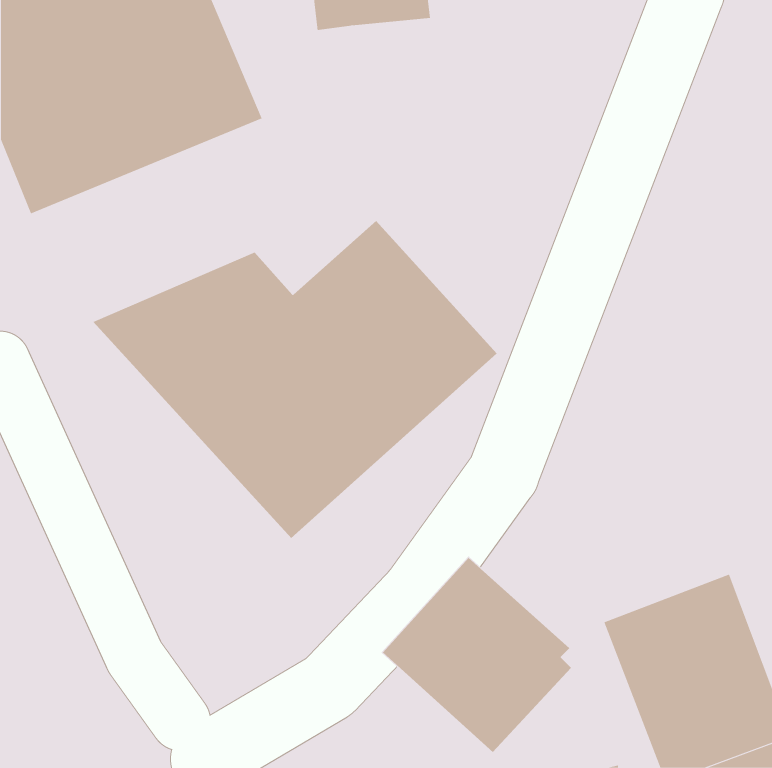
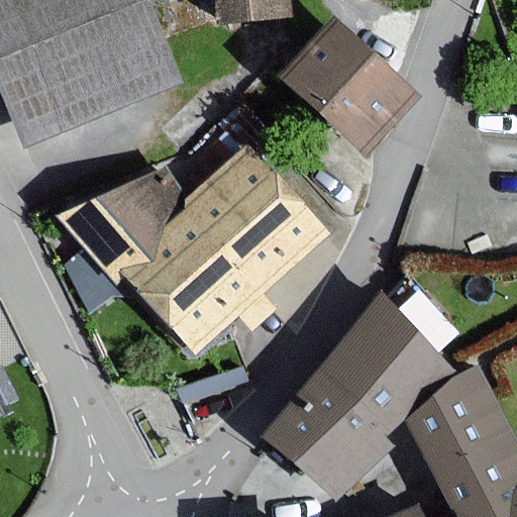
building: none -> [292,19,418,142]
building: none -> [314,304,442,431]

